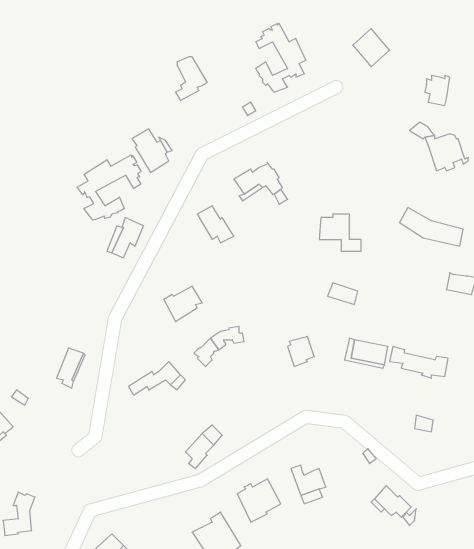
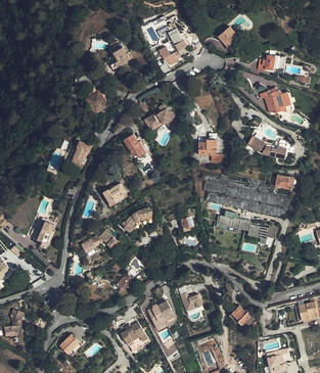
building: [77,155,141,220] -> none

